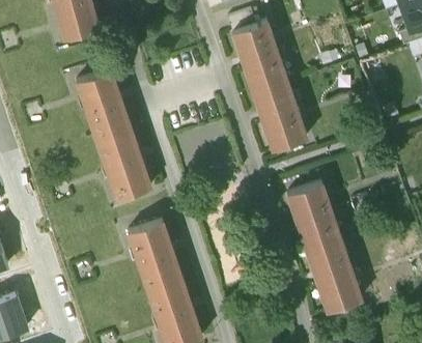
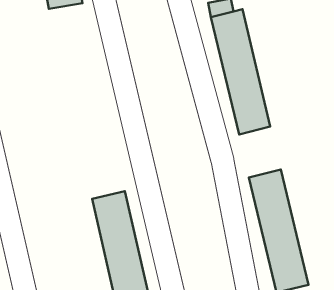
building: [77,70,150,199] -> none

